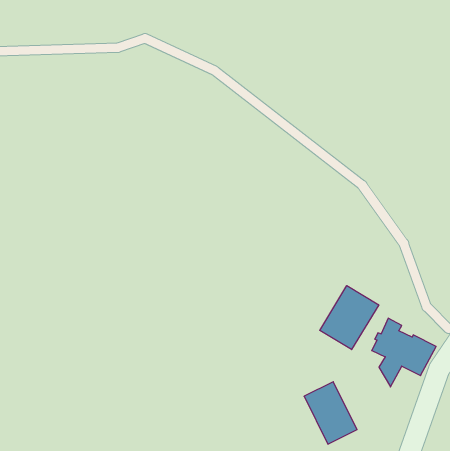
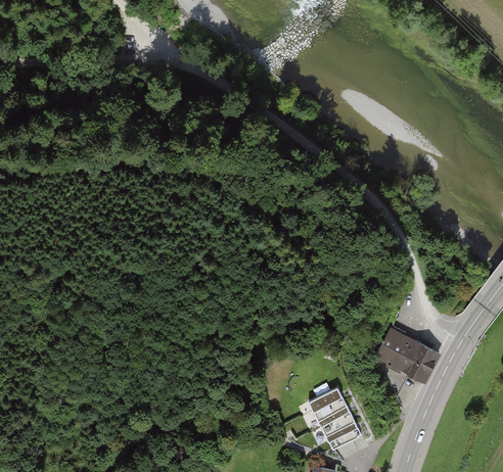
building: [320,286,379,350] -> none

